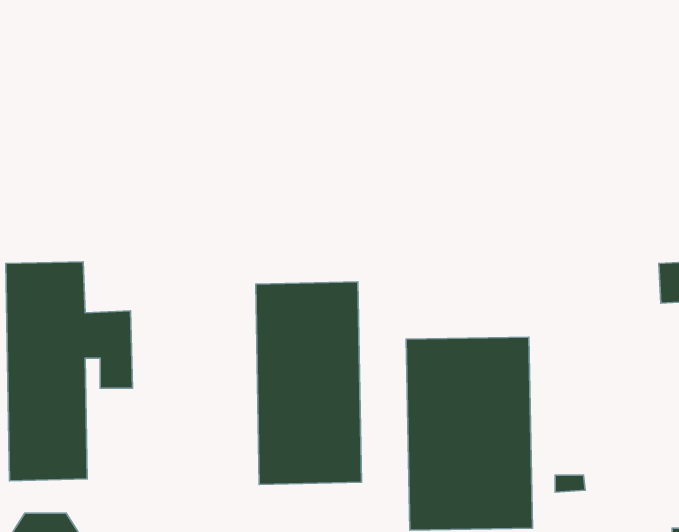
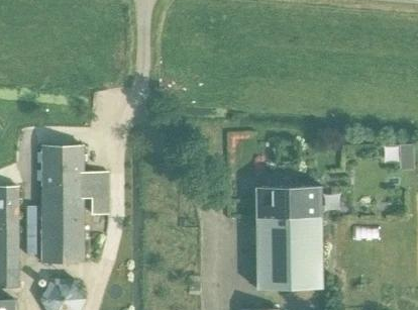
building: [256,282,361,484] -> none

